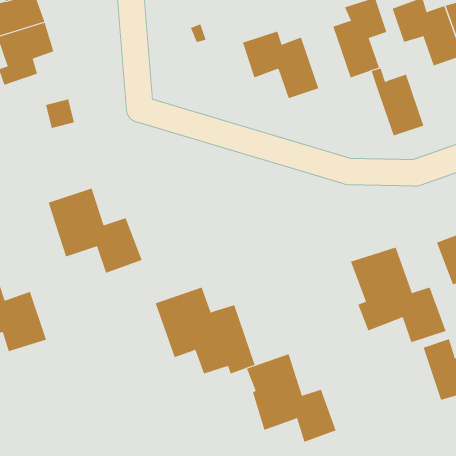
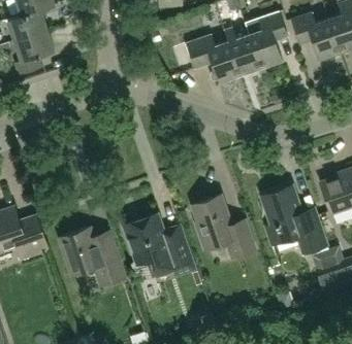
building: [371,68,424,136] -> [224,29,261,76]
building: [48,188,143,274] -> [61,228,127,287]
building: [246,354,336,442] -> [193,196,256,257]

